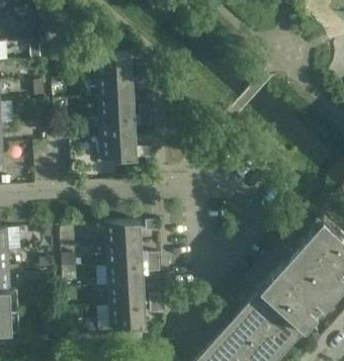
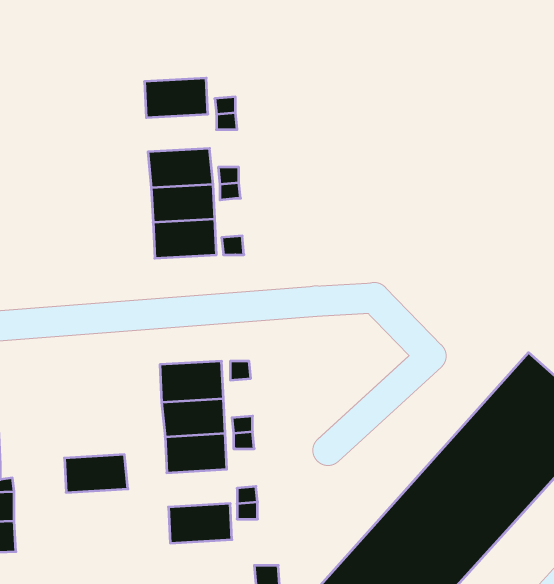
building: [96,80,134,102] -> none
building: [108,289,146,311] -> [64,455,128,492]

